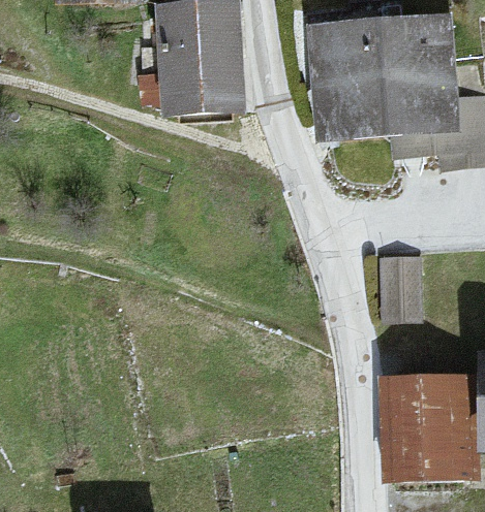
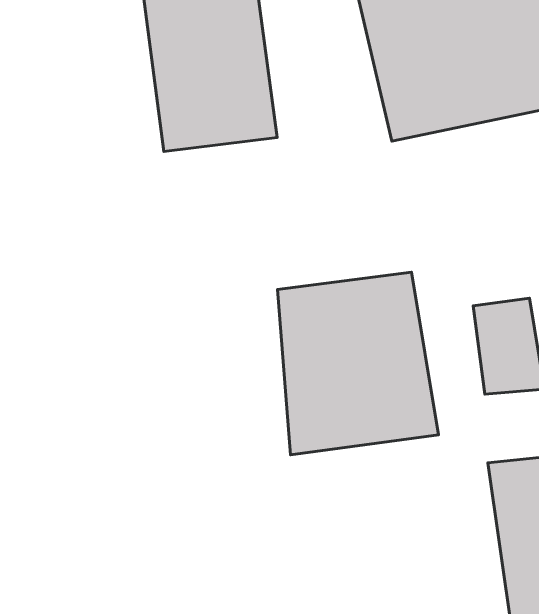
building: none -> [277,272,438,455]

